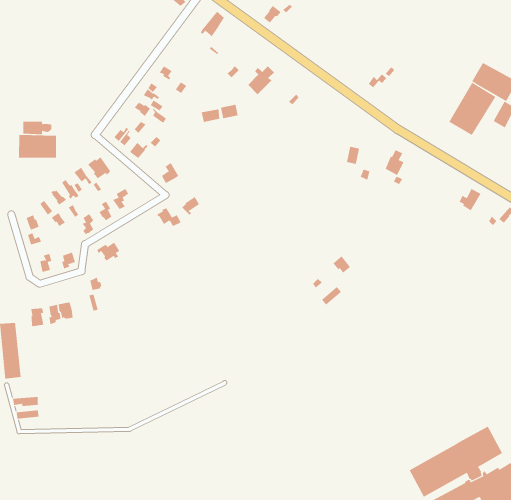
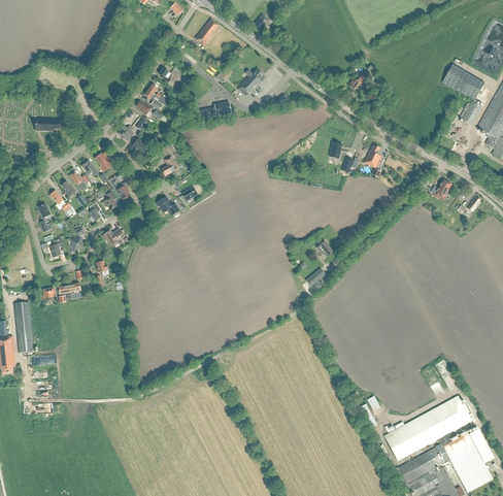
building: [449,82,496,136] -> none
building: [19,134,57,158] -> none

